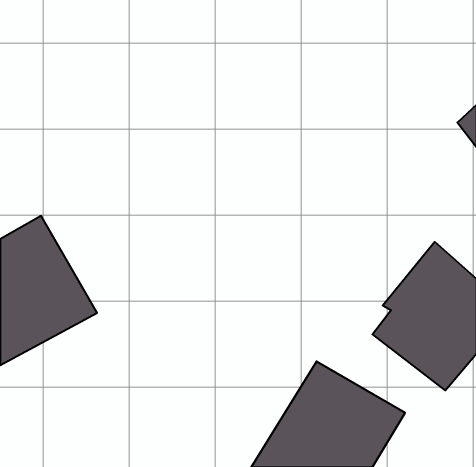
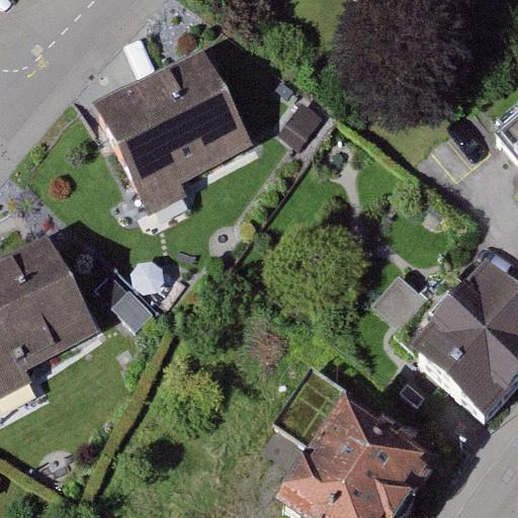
building: none -> [87,48,251,221]

